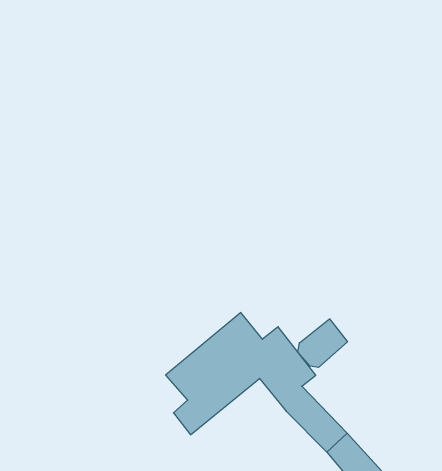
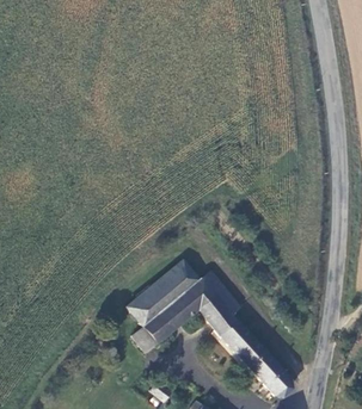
building: [298,319,347,367] -> none

